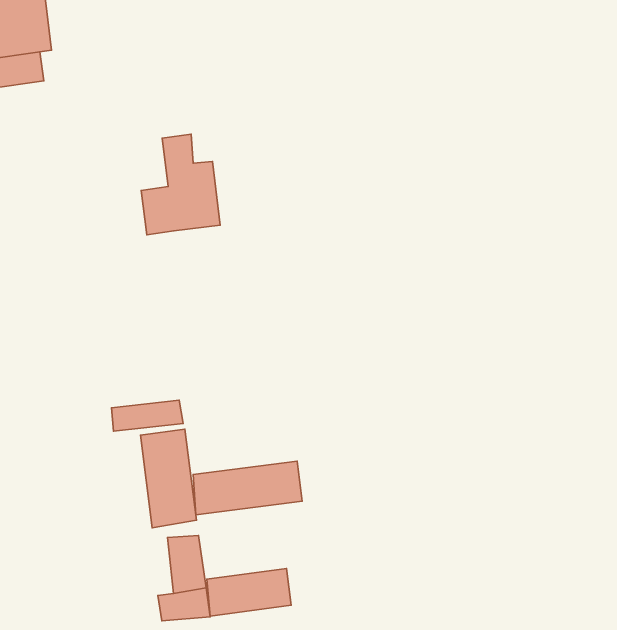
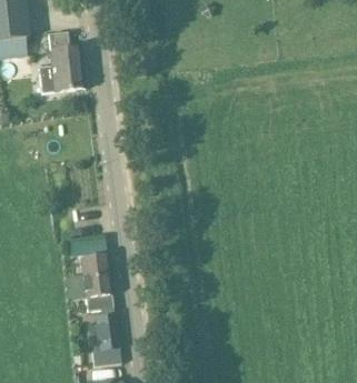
building: [141,134,220,235] -> [38,30,83,88]
building: [193,461,302,515] -> none
building: [207,569,291,616] -> none

